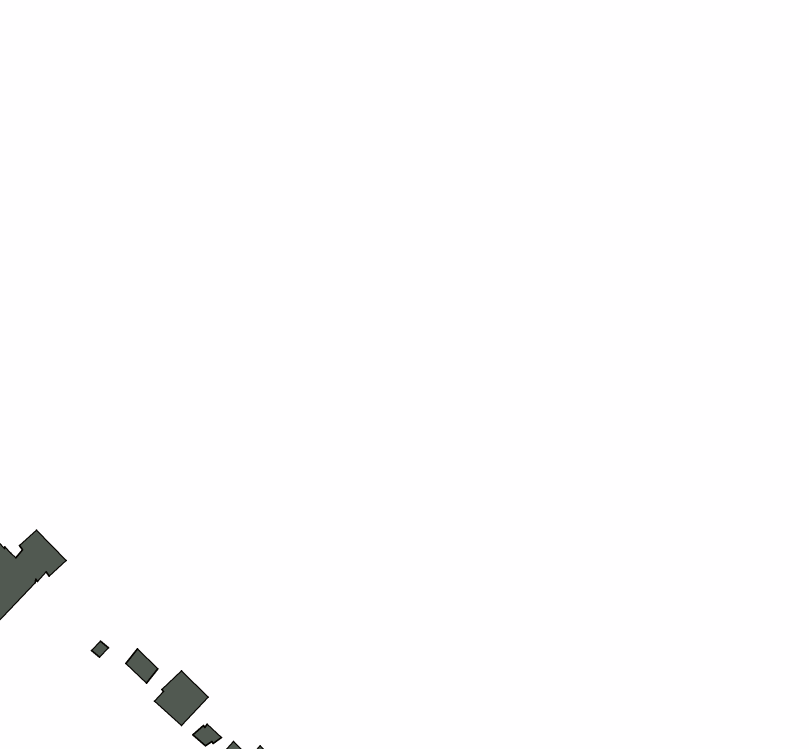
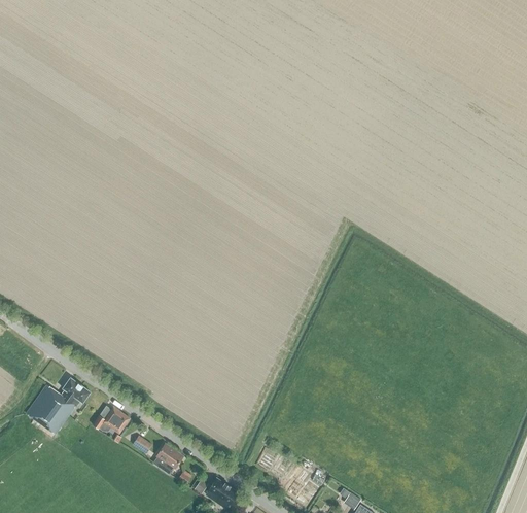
building: none -> [93,406,129,433]

